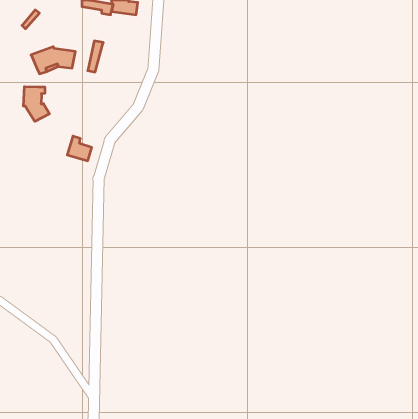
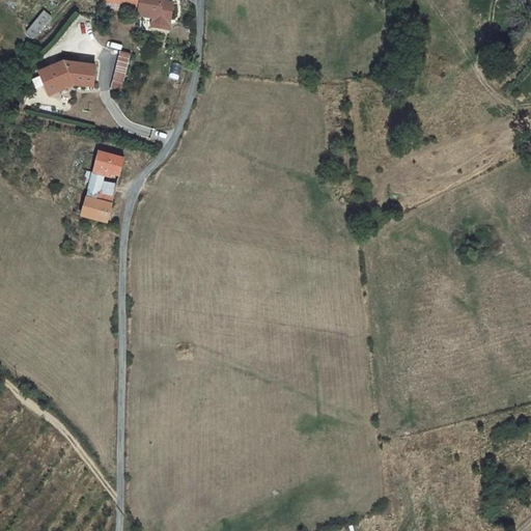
building: [23,87,49,121] -> none
building: none -> [92,150,125,175]
building: none -> [79,196,111,221]

